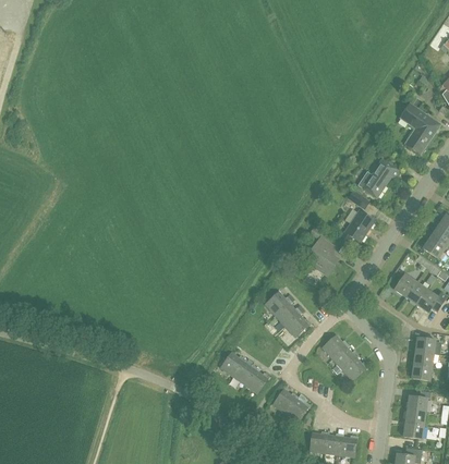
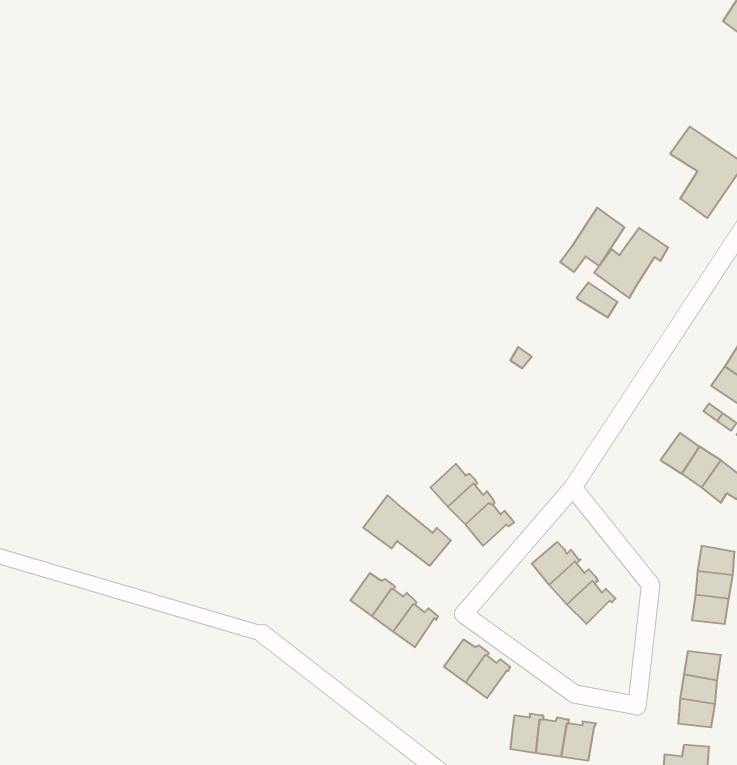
building: [338,210,374,246] -> [560,208,624,272]
building: [308,237,338,276] -> none
building: none -> [363,495,451,566]

